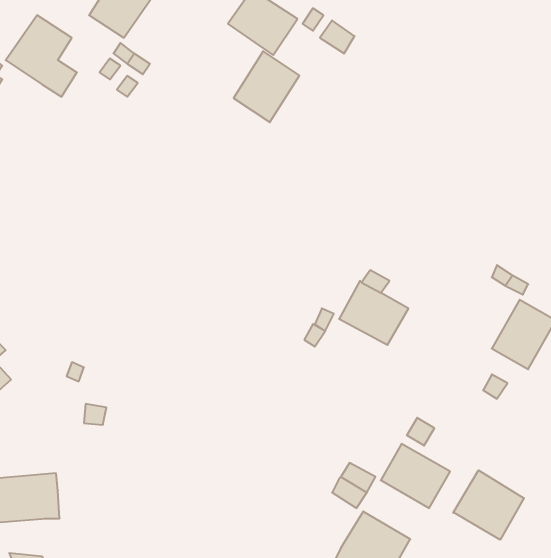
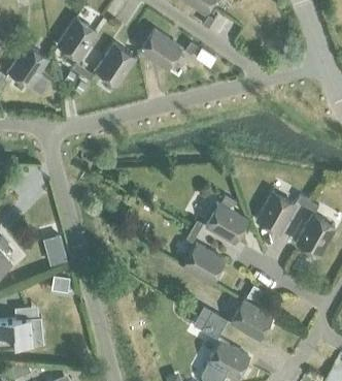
building: [234,51,299,122] -> [96,43,135,86]
building: none -> [256,192,295,233]
building: none -> [183,244,225,282]
building: [453,470,524,540] -> none

